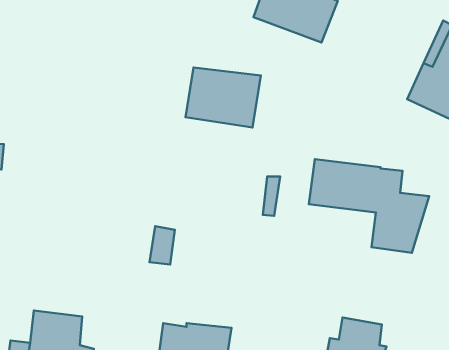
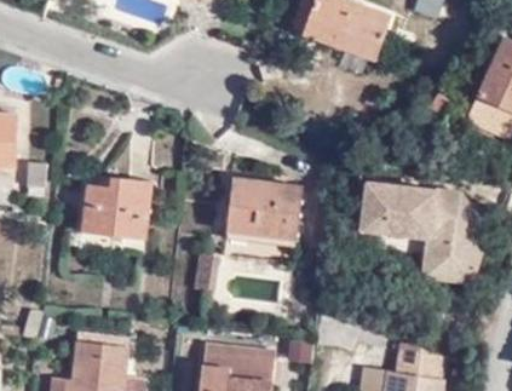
building: [186,67,261,128] -> [225,178,304,241]
building: none -> [80,183,150,243]

